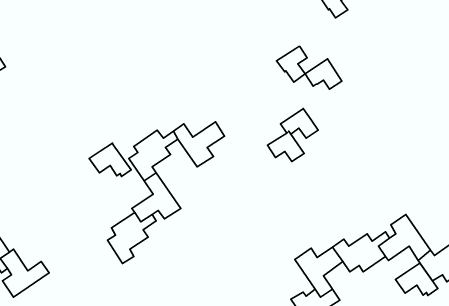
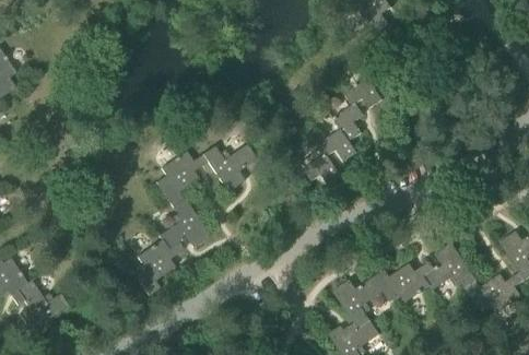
building: [277,46,307,82] -> [331,103,364,141]
building: [89,143,131,177] -> none
building: [395,263,438,296] -> none

